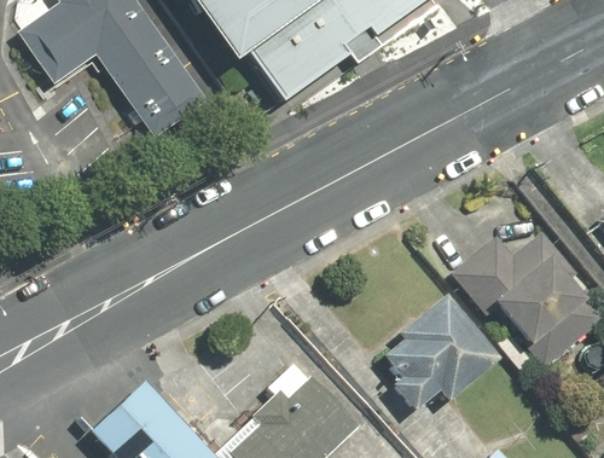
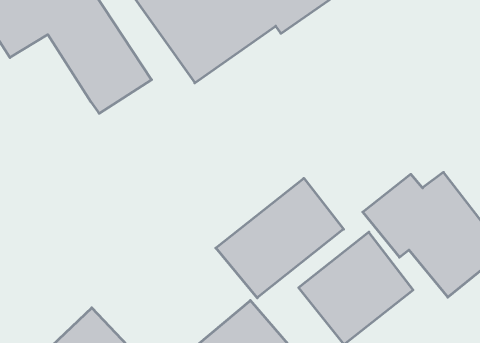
building: none -> [216,178,344,298]

